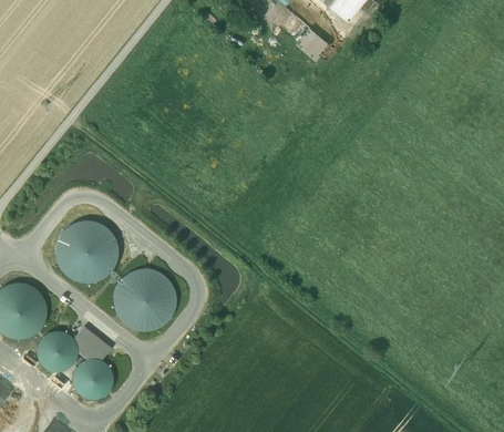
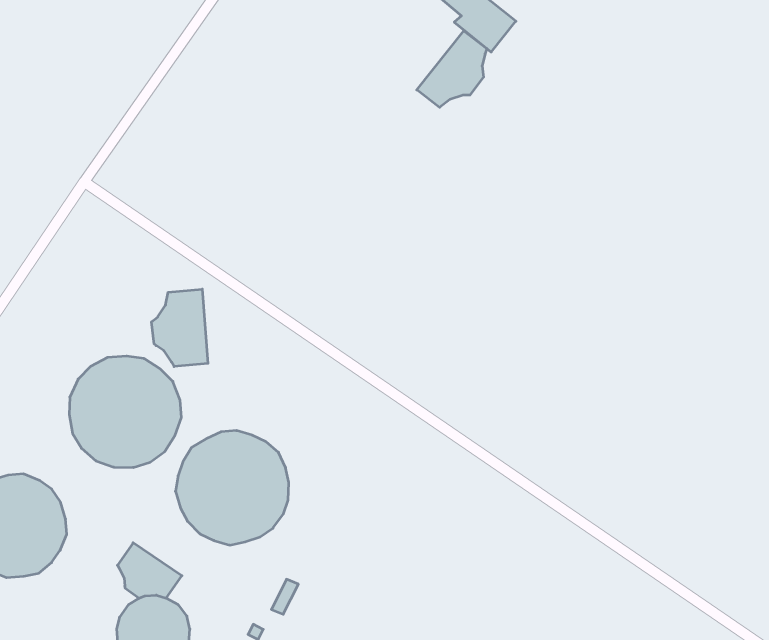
building: none -> [417,31,487,107]
building: none -> [152,289,208,367]
building: [37,331,78,372] -> none

